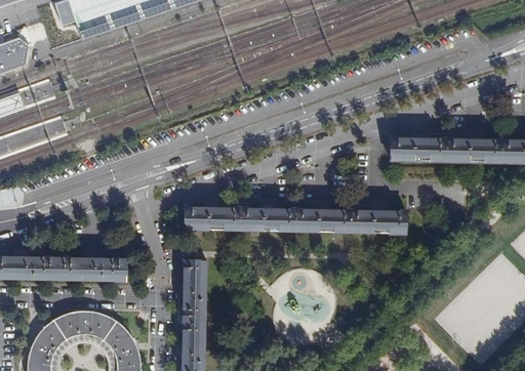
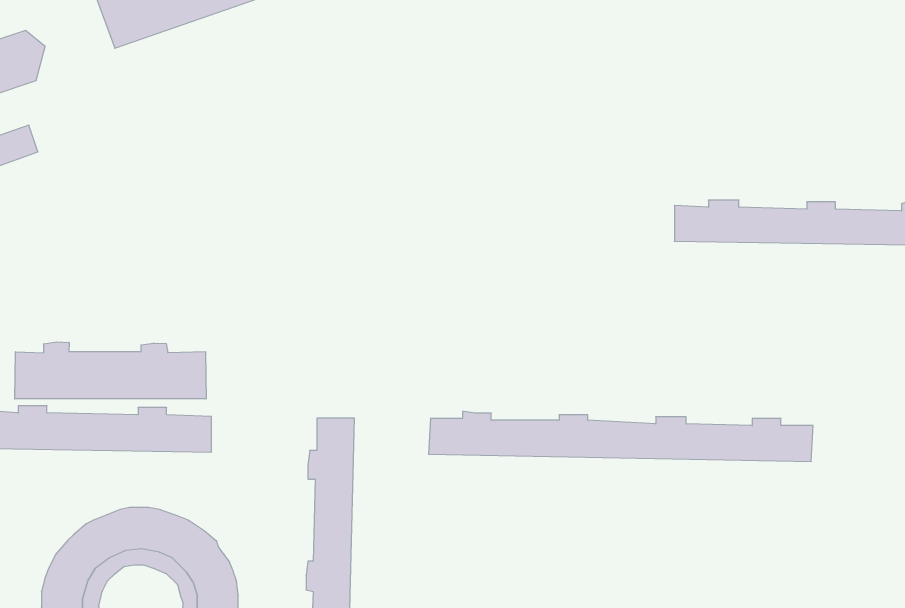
building: [185,203,405,232] -> [429,411,813,461]
building: none -> [15,342,206,399]

